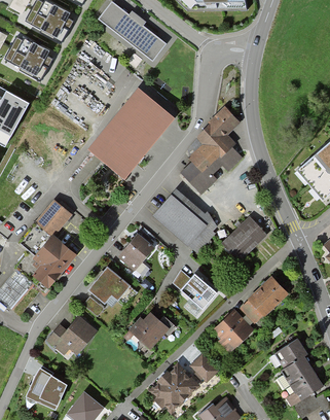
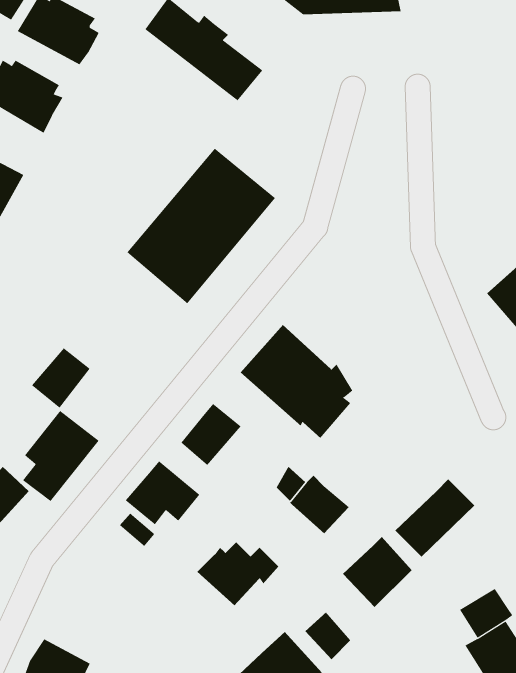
building: [181,105,242,194] -> none
building: [221,214,267,260] -> none
building: [47,315,97,354] -> none

